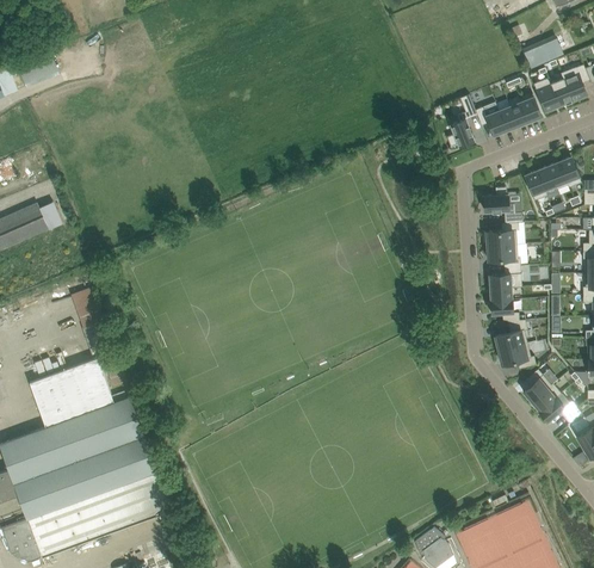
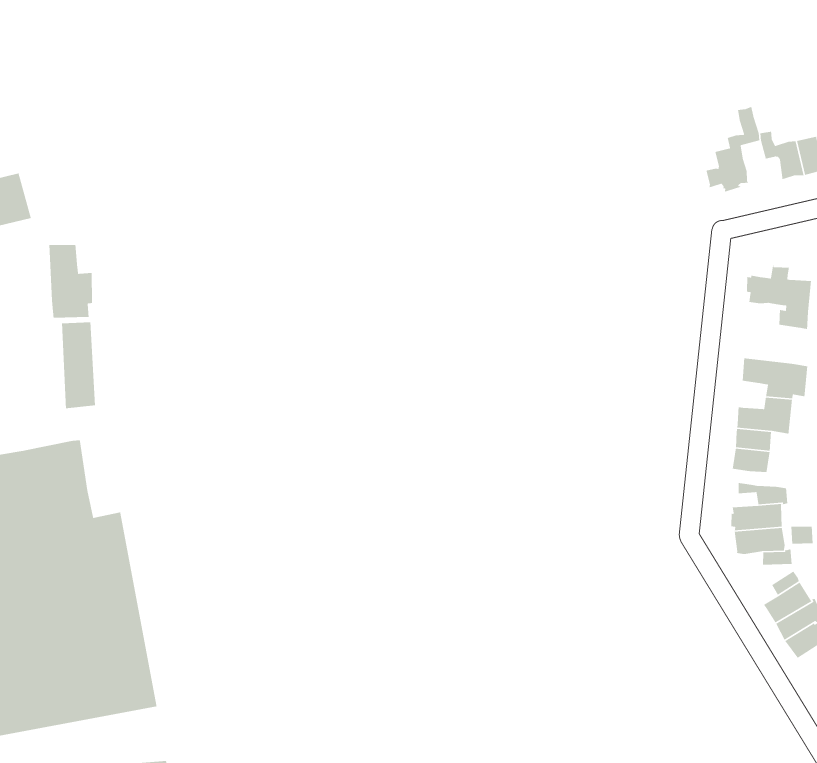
building: [485,223,519,246] -> none
building: none -> [49,244,93,318]

